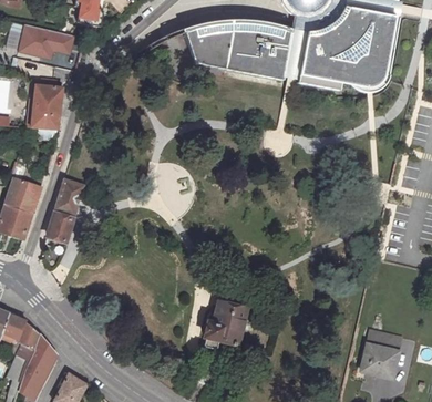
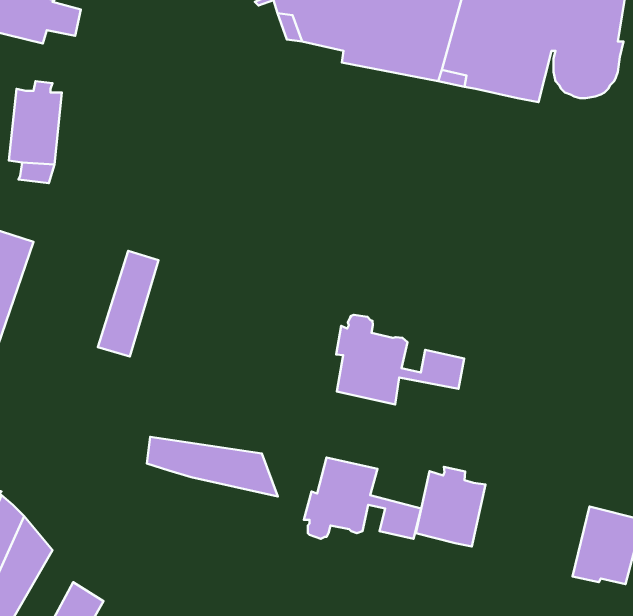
building: [48,181,83,243] -> [98,251,158,357]
building: none -> [336,315,464,405]
building: none -> [147,437,278,496]
building: none -> [416,467,486,546]

